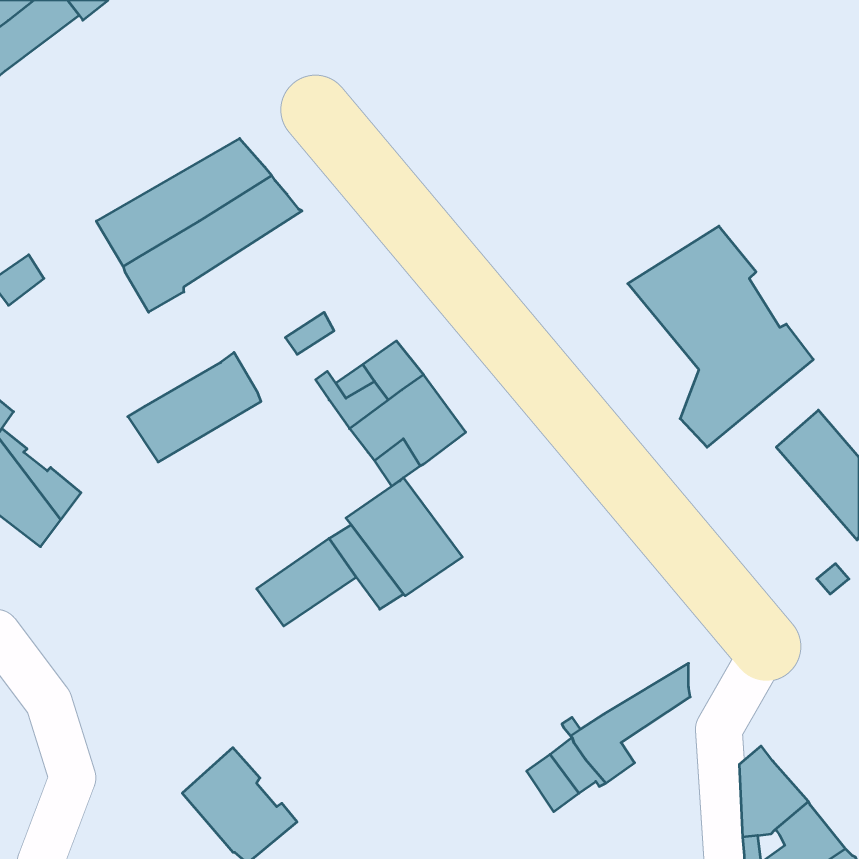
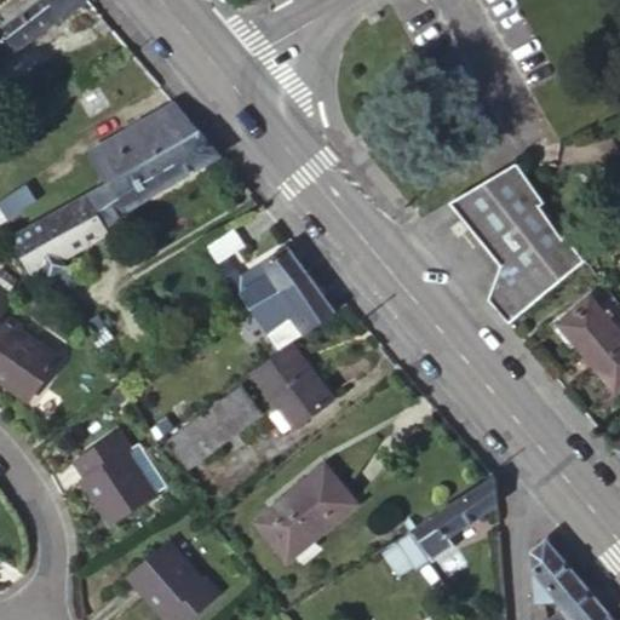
building: [128,352,261,462] -> [13,197,109,276]
building: none -> [81,434,155,519]
building: none -> [253,465,354,559]

